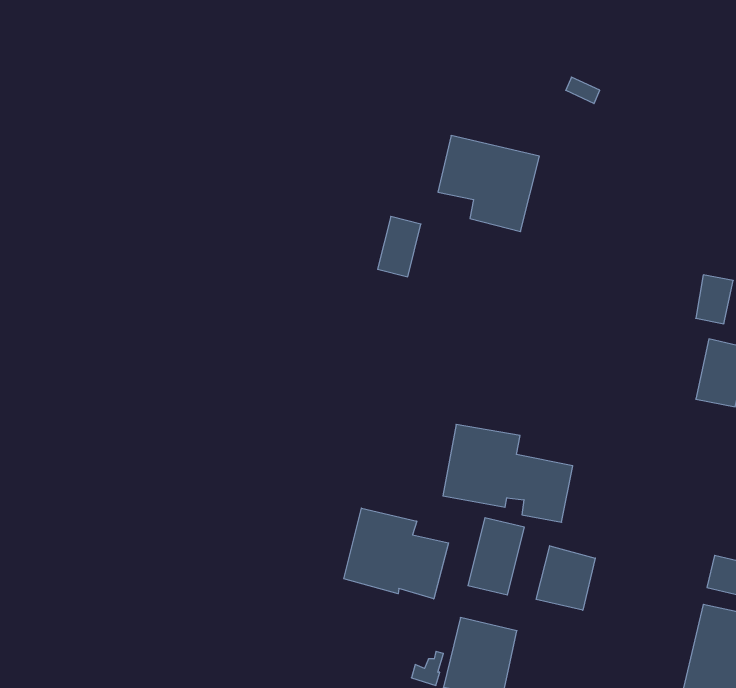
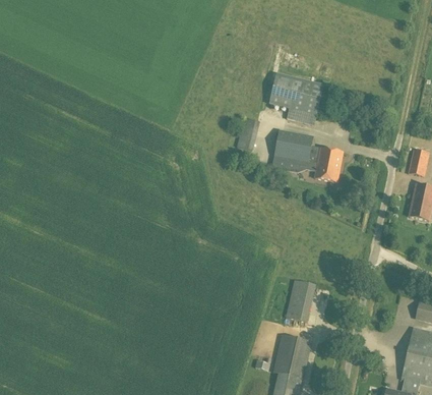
building: [443,424,573,522] -> [272,129,343,182]
building: [344,508,449,599] -> none
building: [536,546,595,610] -> none

